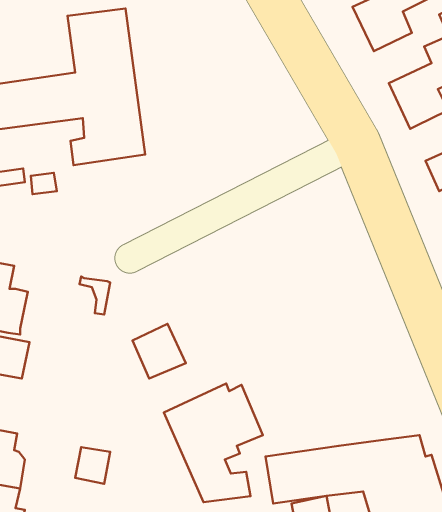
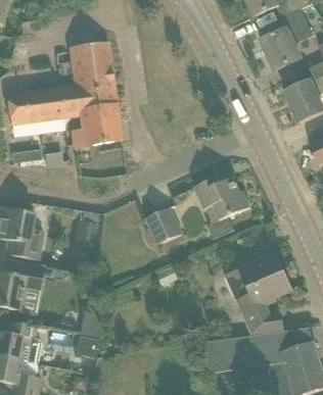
building: none -> [195,176,250,239]
building: [133,324,186,379] -> [146,207,182,244]
building: [164,383,263,502] -> [225,255,291,335]

